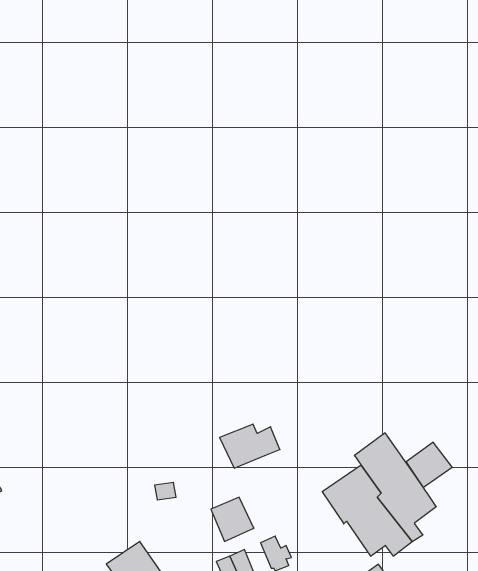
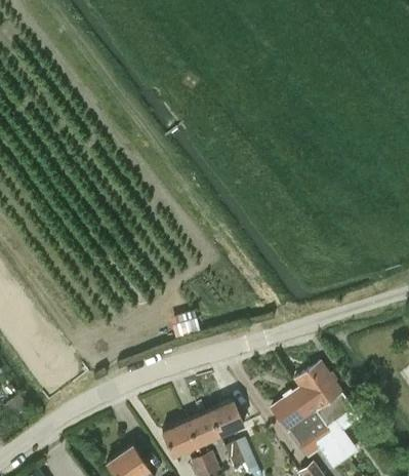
building: [220,424,280,468] -> [208,402,254,436]
building: [406,442,452,488] -> none
building: none -> [163,422,197,457]

